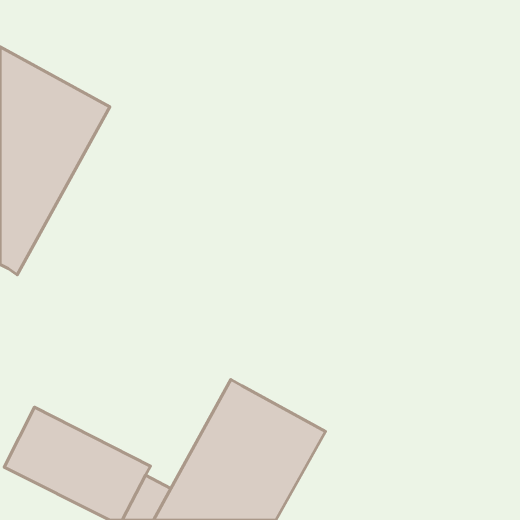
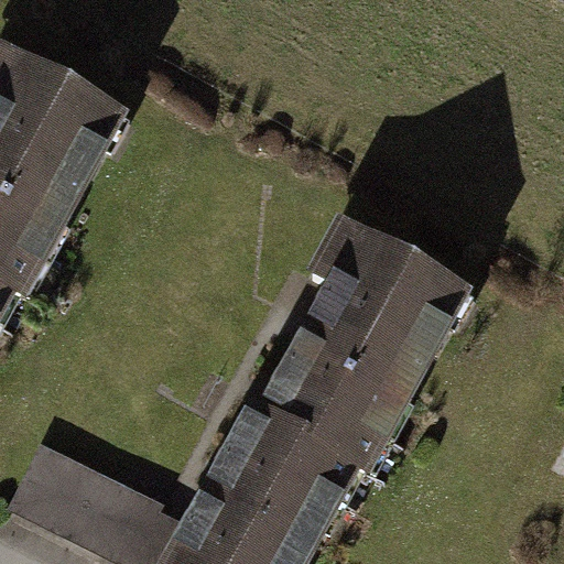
building: none -> [262,227,464,474]

